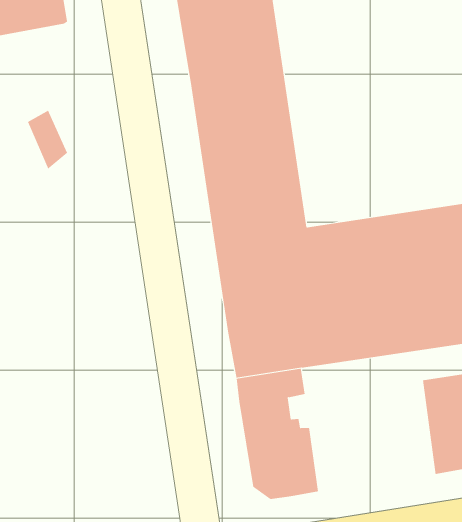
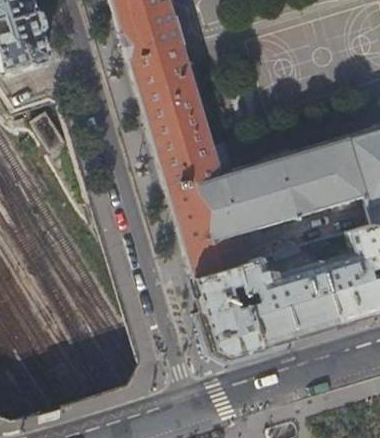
building: none -> [238,257,337,346]

